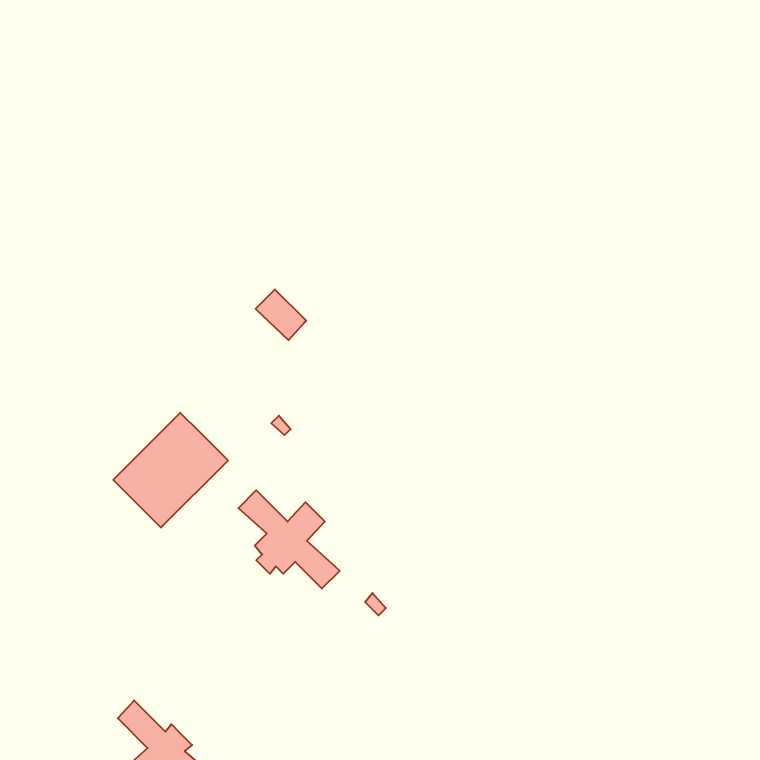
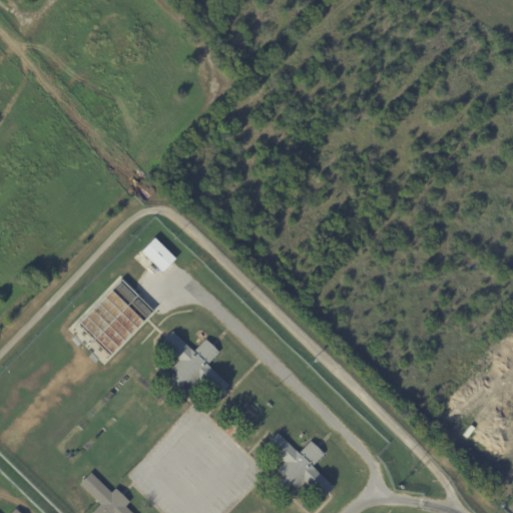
building: [256,289,306,340] -> [141,238,175,273]
building: none -> [268,433,334,498]

